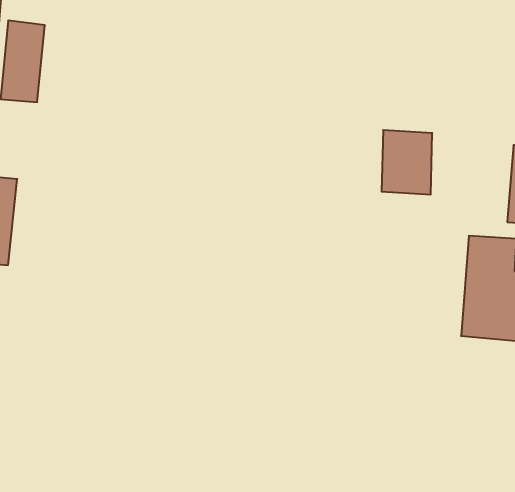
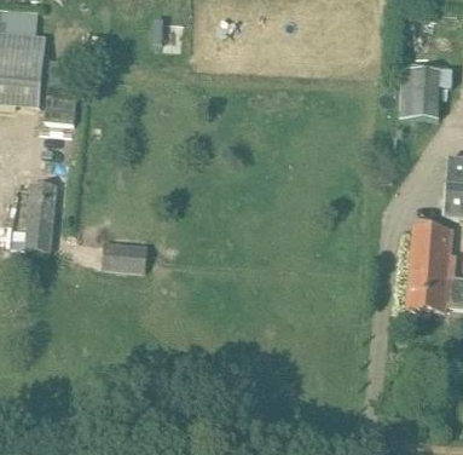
building: [382,130,432,195] -> [400,65,440,116]
building: none -> [102,238,147,271]

